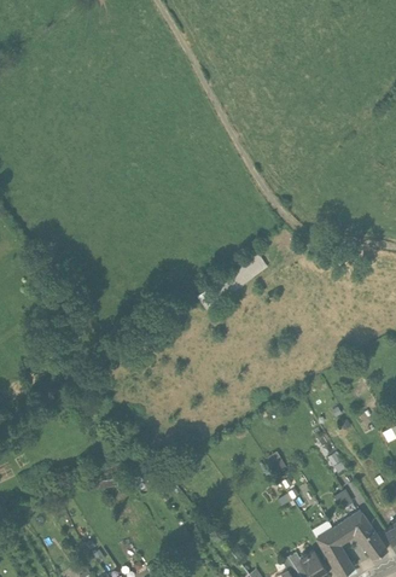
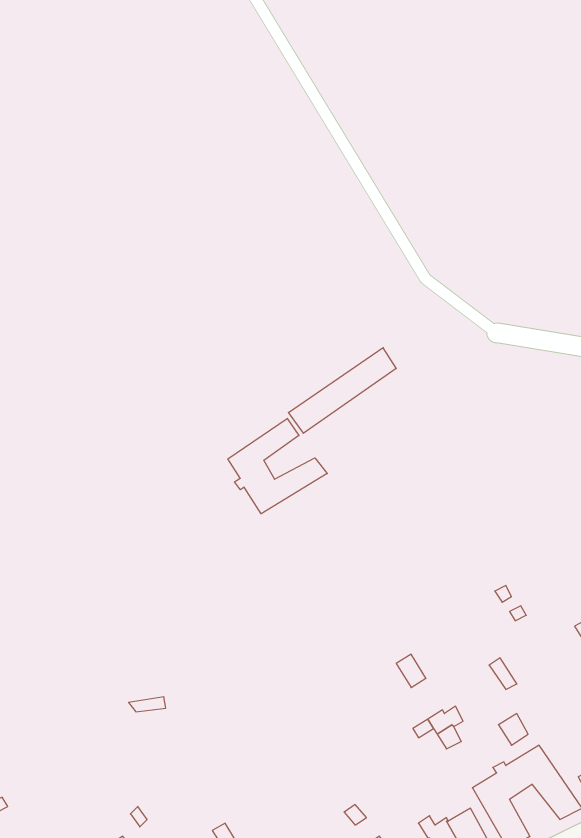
building: none -> [228,418,327,514]

